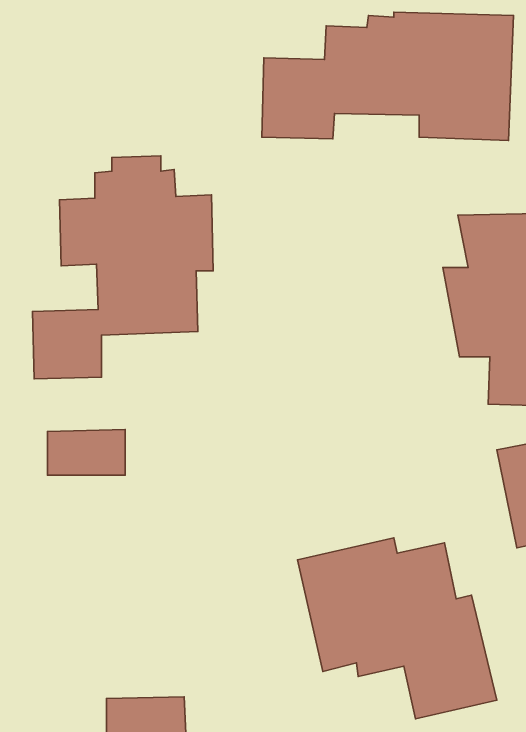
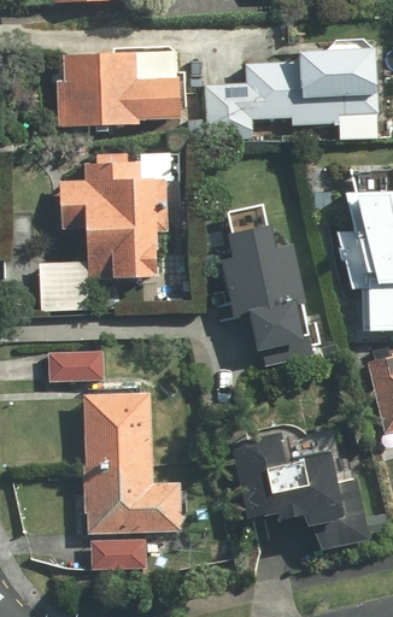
building: none -> [58,49,178,128]
building: none -> [221,201,311,354]
building: none -> [84,392,182,534]

